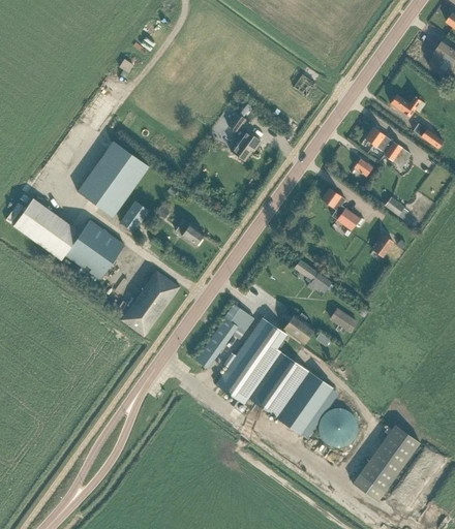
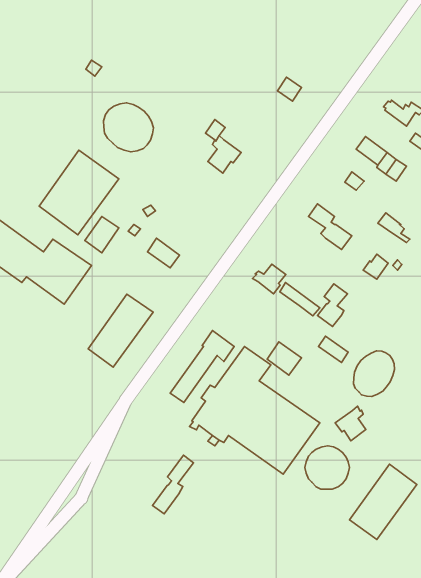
building: none -> [103,103,153,152]
building: none -> [253,264,286,294]
building: none -> [317,284,347,327]
building: none -> [353,351,395,396]
building: none -> [335,406,366,441]
building: none -> [153,455,194,514]

